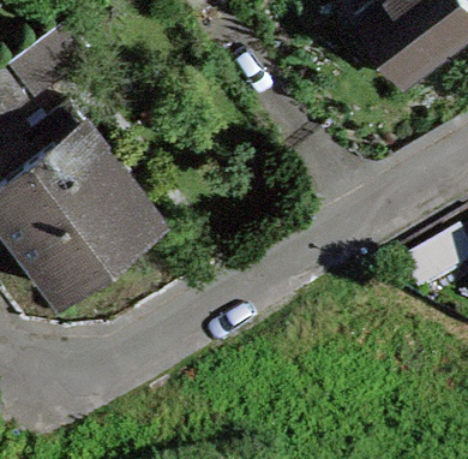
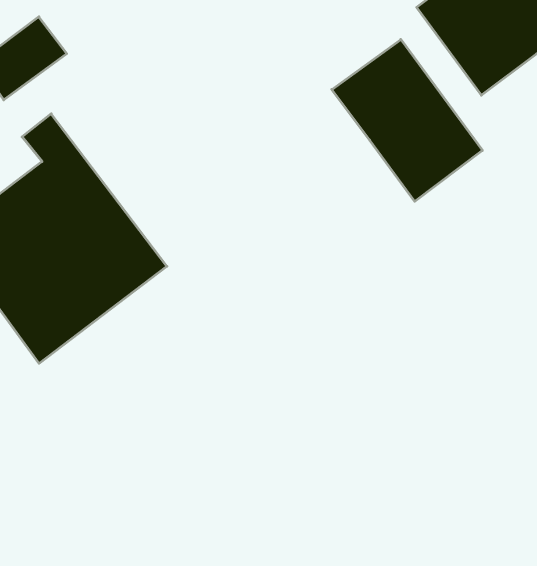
building: none -> [332,39,482,201]

